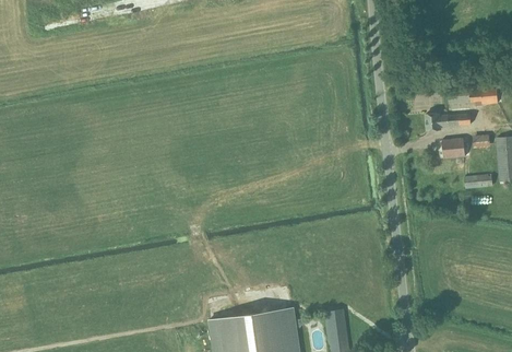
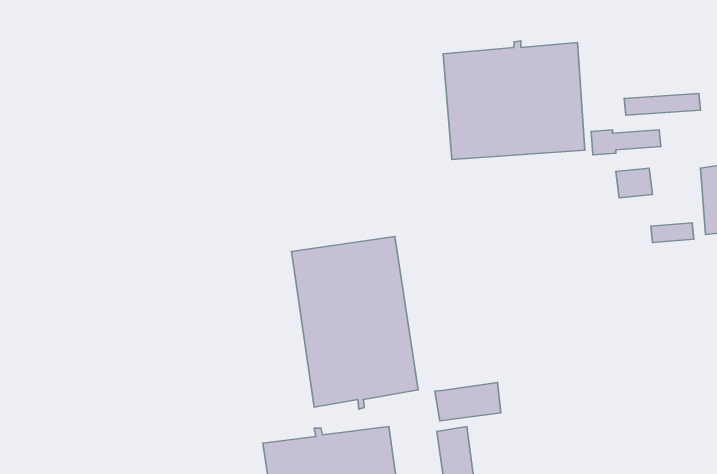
building: none -> [443,41,585,160]
building: none -> [292,236,418,409]
building: none -> [435,382,501,421]

